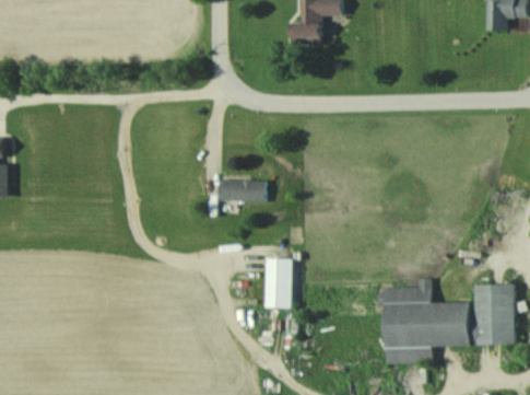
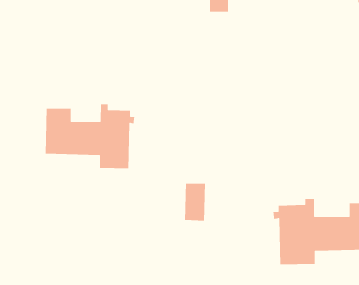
building: none -> [45,103,135,169]
building: [217,179,264,202] -> none

